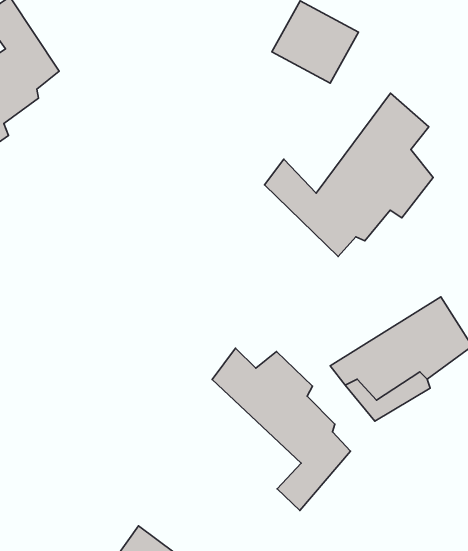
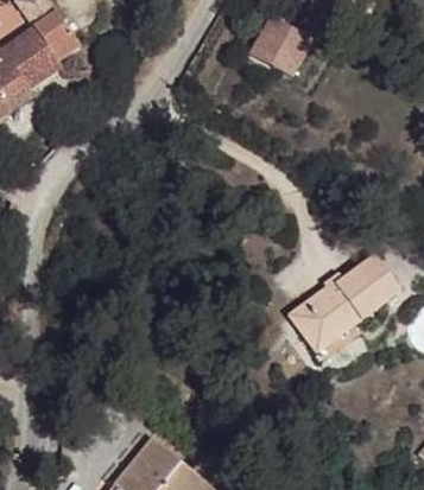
building: [265,93,433,256] -> none
building: [212,348,350,510] -> none

